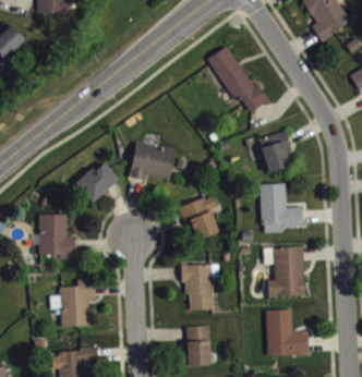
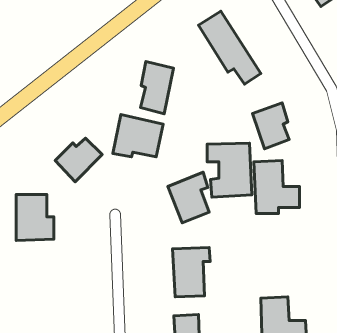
building: none -> [141,61,174,114]
building: [264,247,305,297] -> [207,143,252,197]
building: [60,280,94,328] -> none

